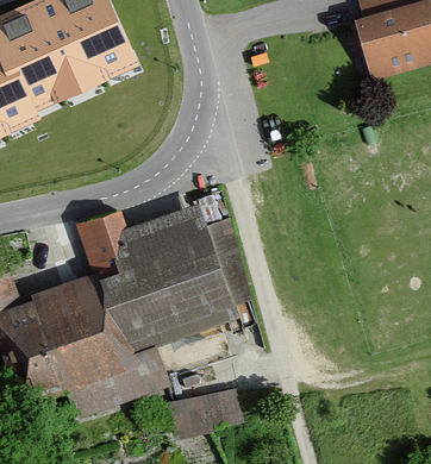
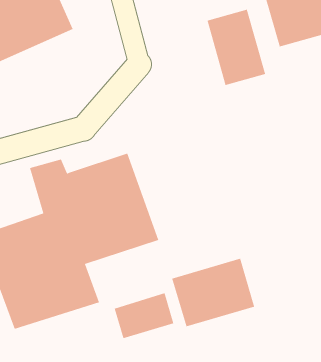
building: none -> [207,9,266,86]
building: none -> [172,258,255,327]

